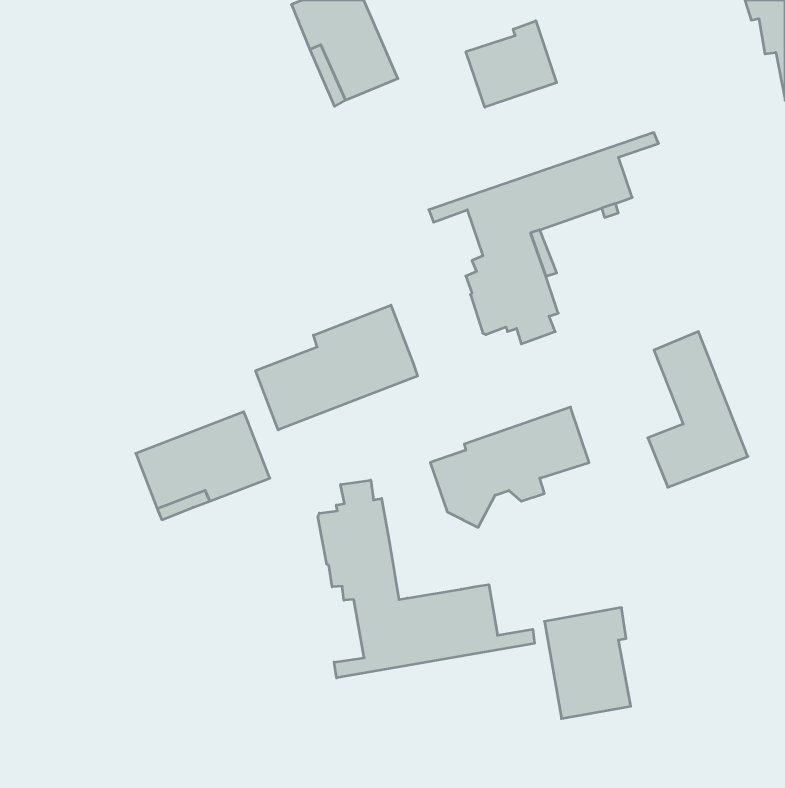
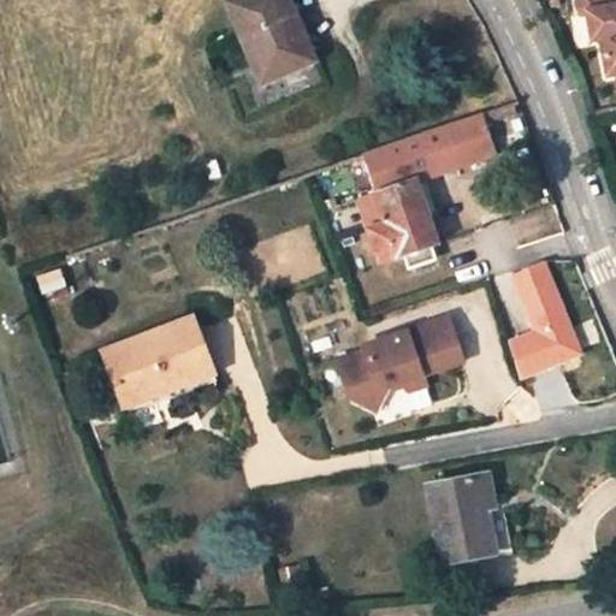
building: [466,21,557,107] -> none
building: [256,305,418,430] -> none
building: [318,480,534,678] -> none

